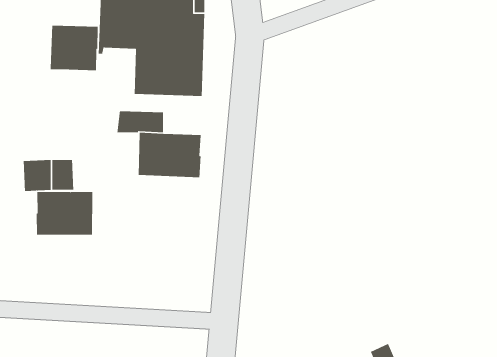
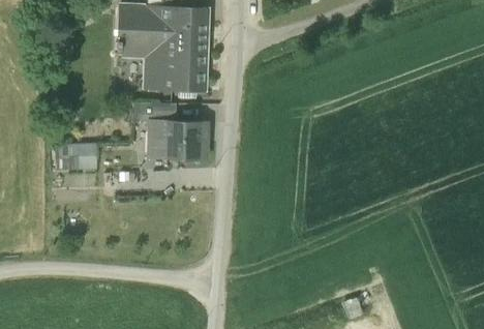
building: [50,25,98,71] -> none
building: [36,191,93,235] -> none

